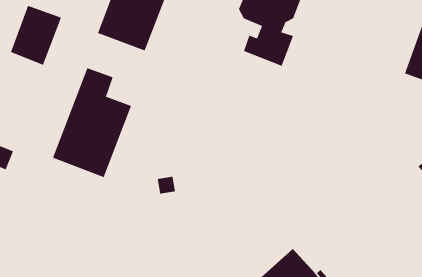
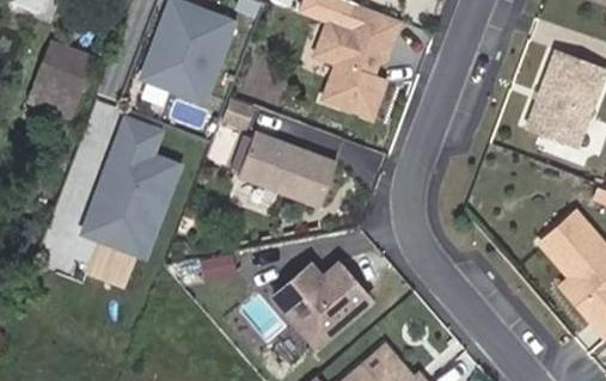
building: none -> [233,130,337,210]
building: none -> [270,262,366,344]

